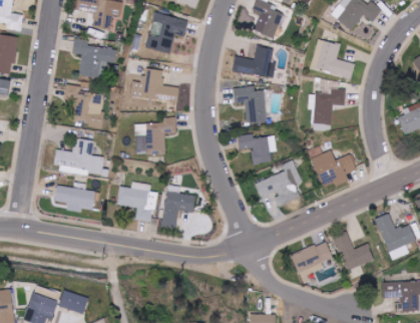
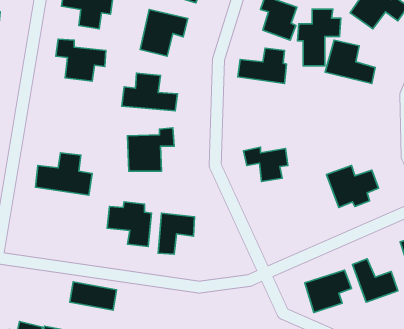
building: [308,80,346,130] -> [298,9,341,66]
building: [65,83,104,126] -> none
building: [234,85,267,122] -> none
building: [255,159,302,205] -> none
building: [54,185,95,210] -> [70,282,117,310]

